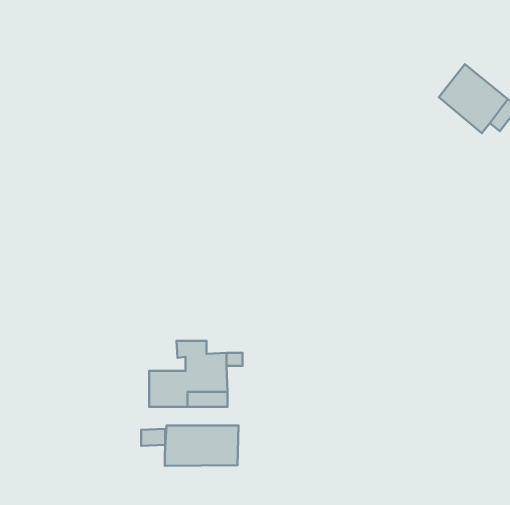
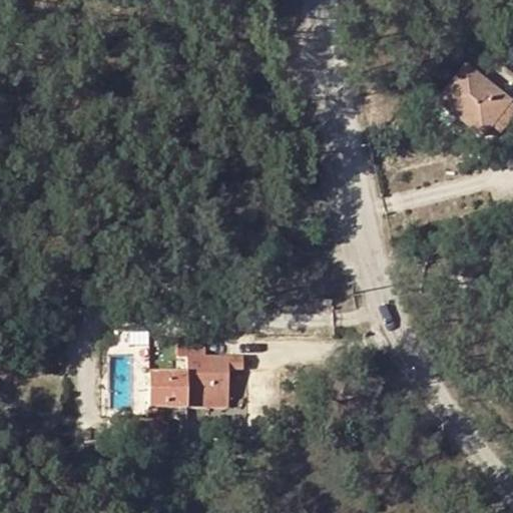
building: [165,426,238,466] -> none

